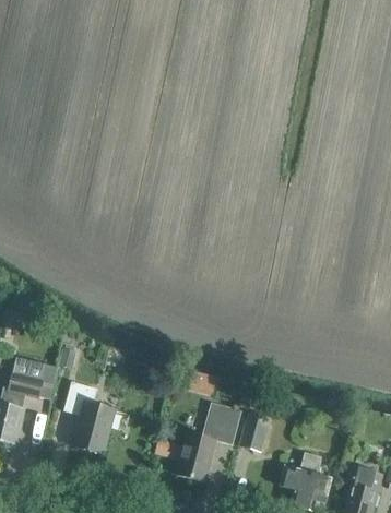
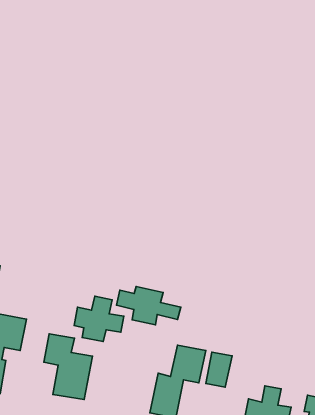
building: none -> [116,287,181,325]
building: none -> [74,296,124,342]

